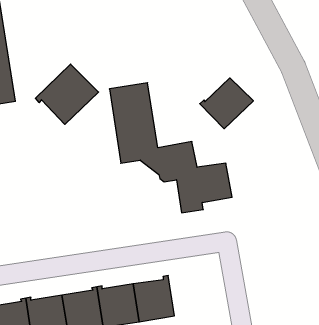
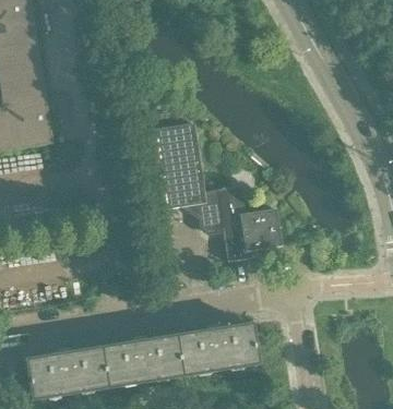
building: [35,64,99,124] -> none
building: [200,78,253,129] -> none
building: none -> [214,323,259,369]

